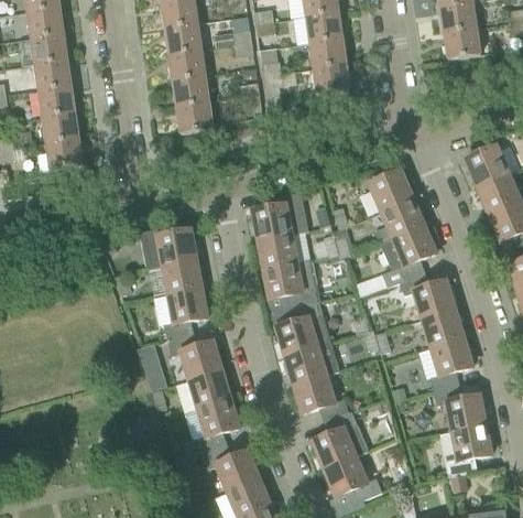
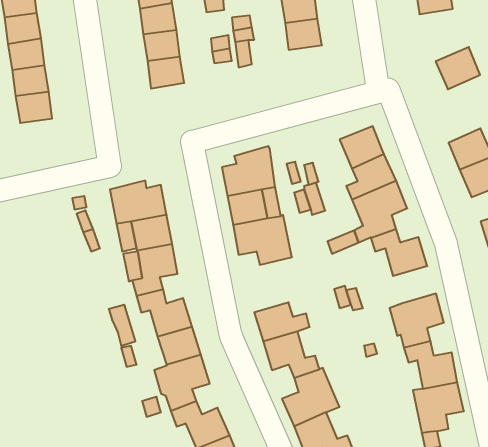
building: [464,145,508,187] -> [436,47,480,89]
building: [275,301,330,356] -> none
building: [421,310,462,347] -> none

